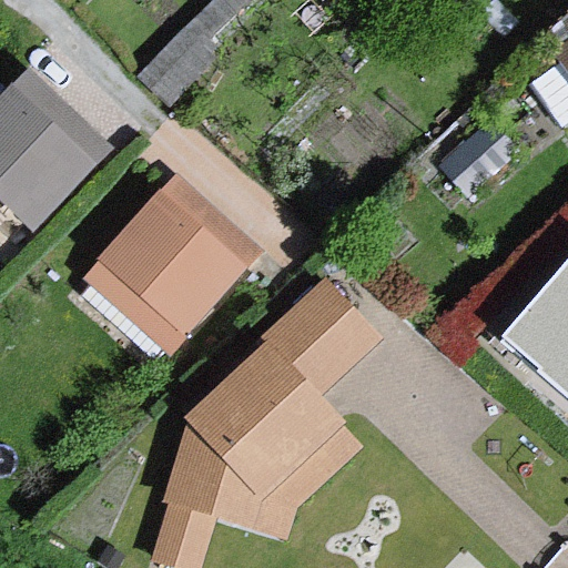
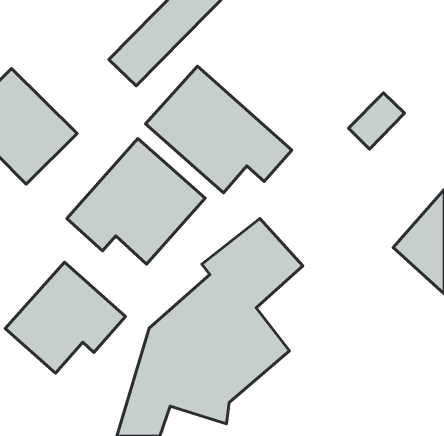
building: none -> [146,66,292,193]
building: none -> [5,262,126,373]

